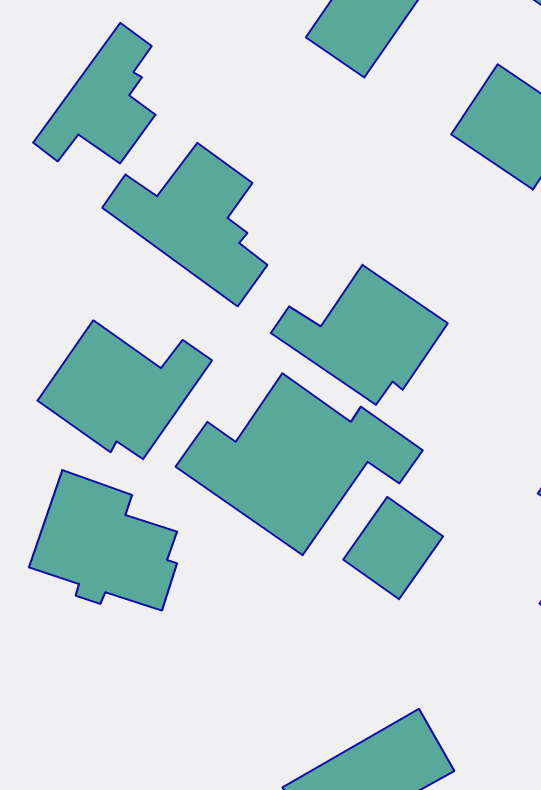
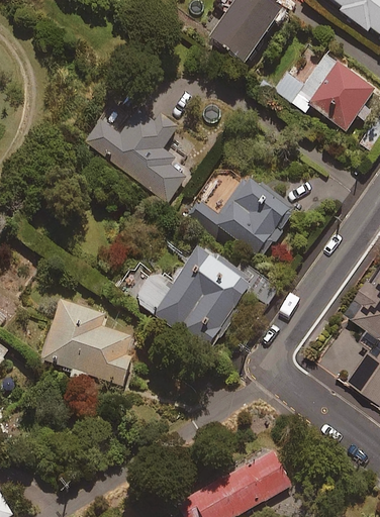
building: [33,23,156,164] -> none
building: [37,320,212,459] -> none
building: [343,497,443,599] -> none

